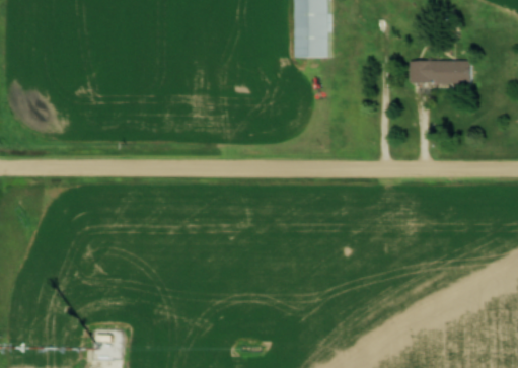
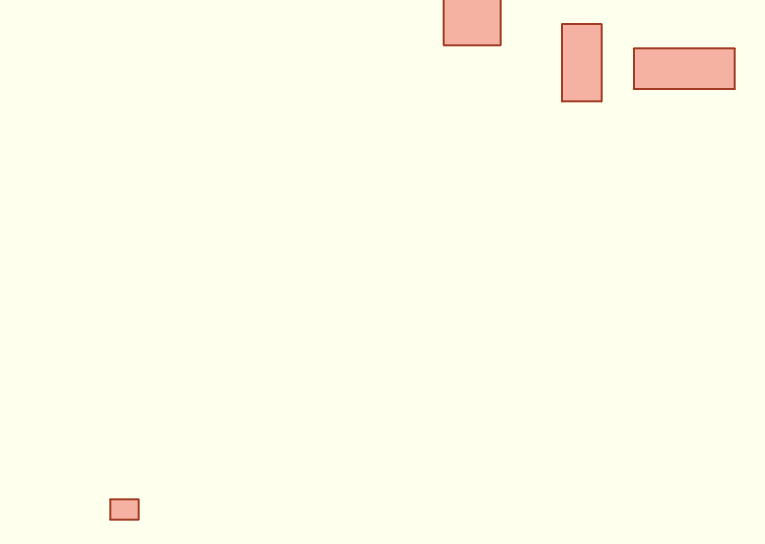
building: none -> [562,24,601,102]

